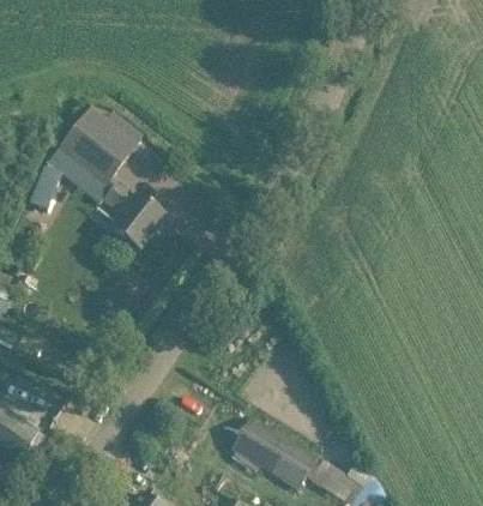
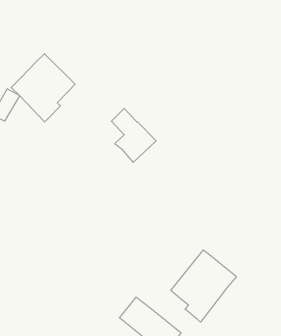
building: [104,179,167,248] -> [111,108,156,162]
building: none -> [171,250,236,322]

